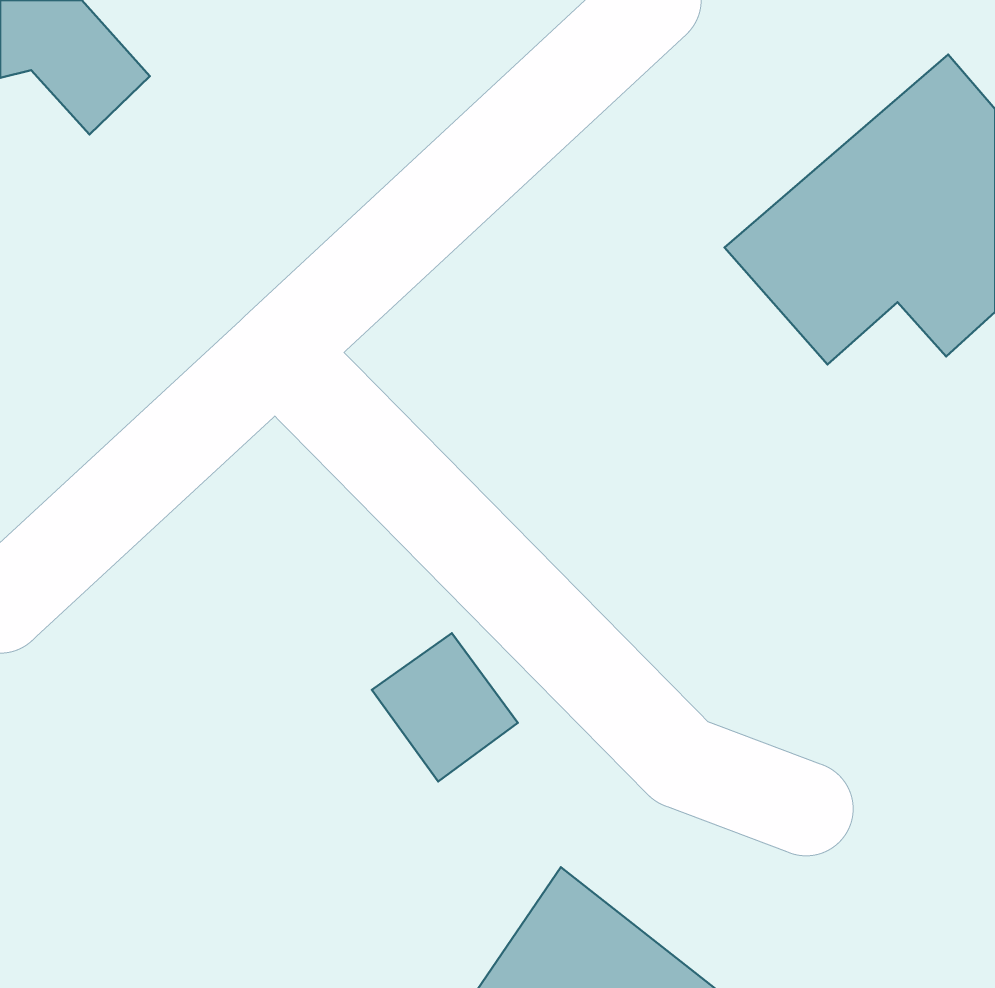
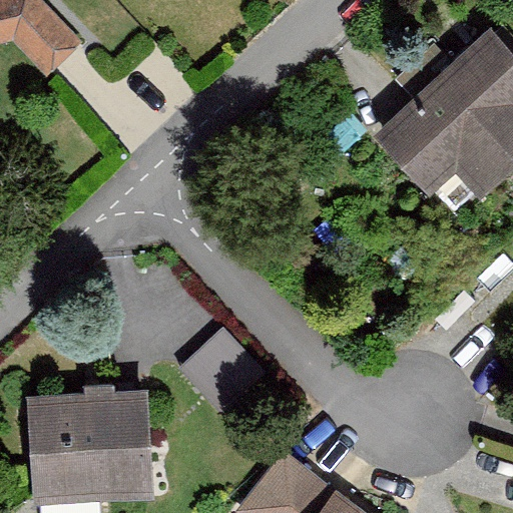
building: none -> [27,391,154,506]

